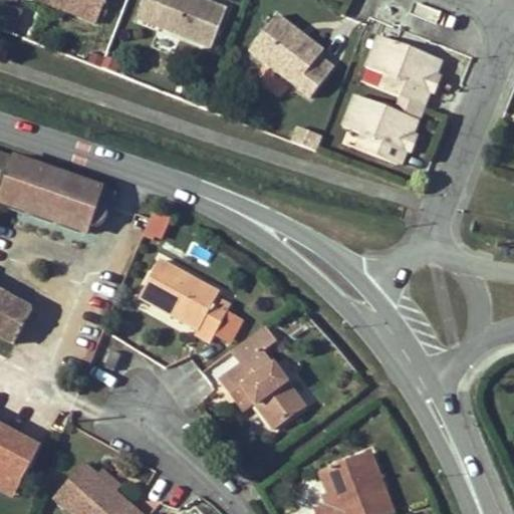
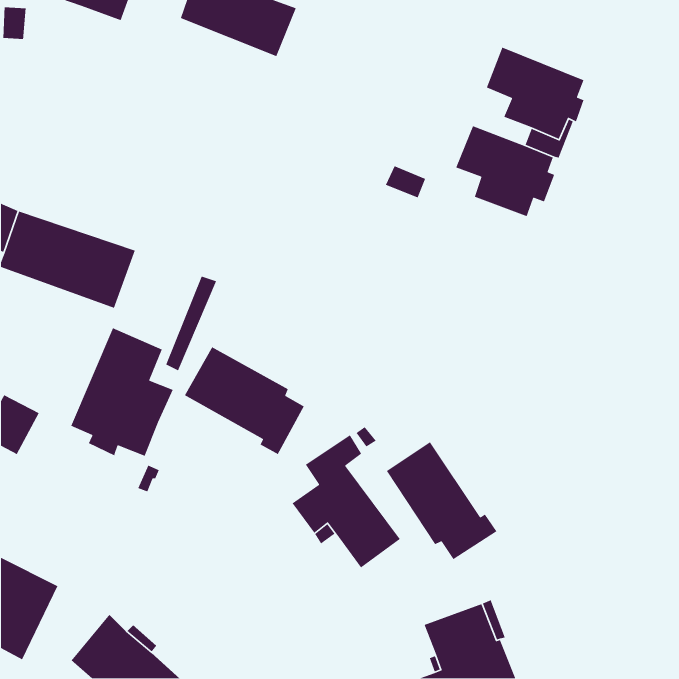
building: [249,13,330,92] -> none
building: none -> [70,327,174,457]
building: none -> [386,441,497,560]

